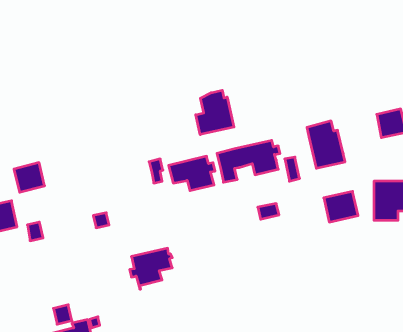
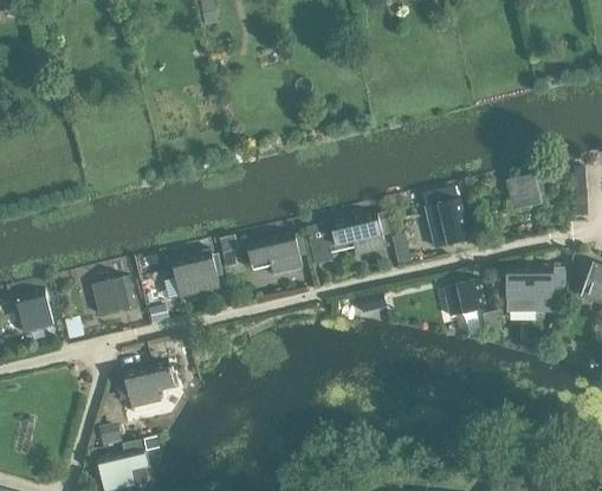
building: [196,90,234,135] -> none
building: [14,163,45,192] -> [97,276,136,314]
building: none -> [169,251,220,297]
building: [130,248,172,289] -> [119,361,174,413]

